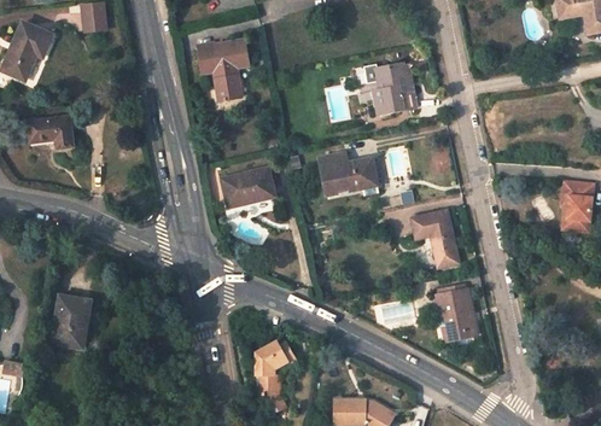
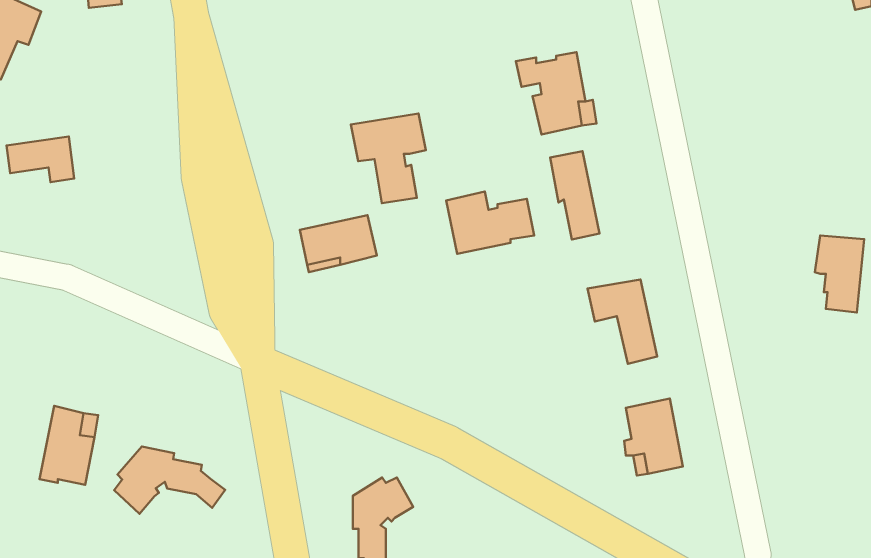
building: [198,40,247,99] -> [351,113,426,203]
building: none -> [550,151,600,239]
building: none -> [114,447,225,514]

